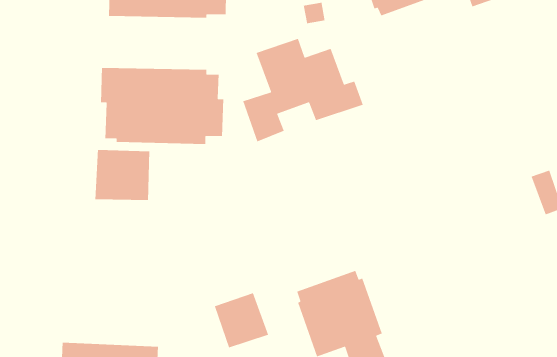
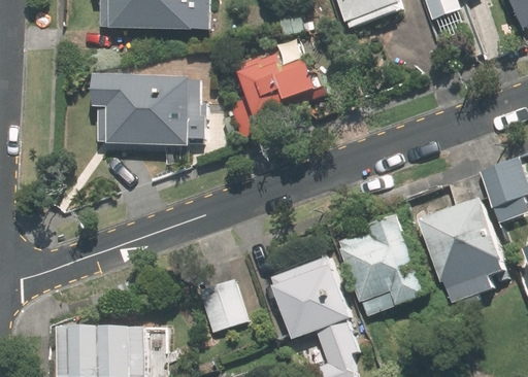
building: [95,149,150,201] -> none
building: none -> [419,199,505,303]
building: none -> [337,216,427,313]

